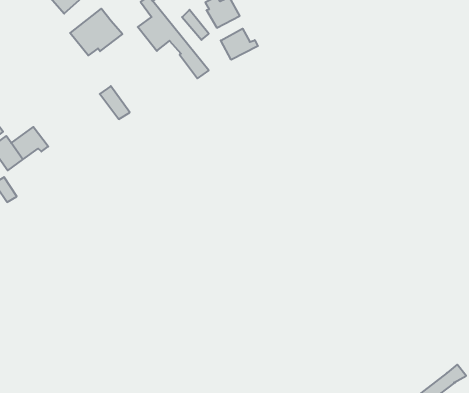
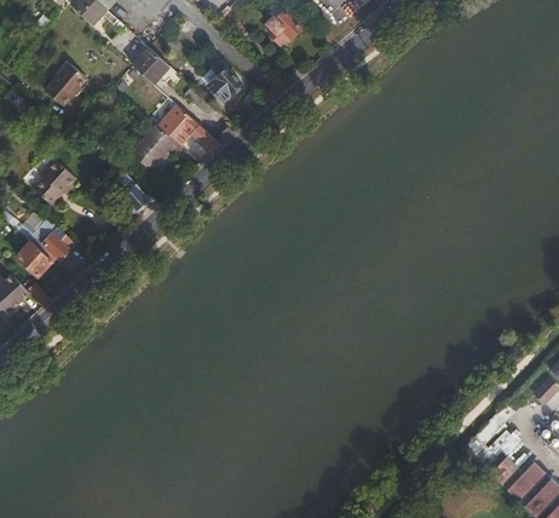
building: [70,9,122,55] -> [126,121,178,169]
building: [221,29,258,60] -> none
building: none -> [33,159,75,206]

